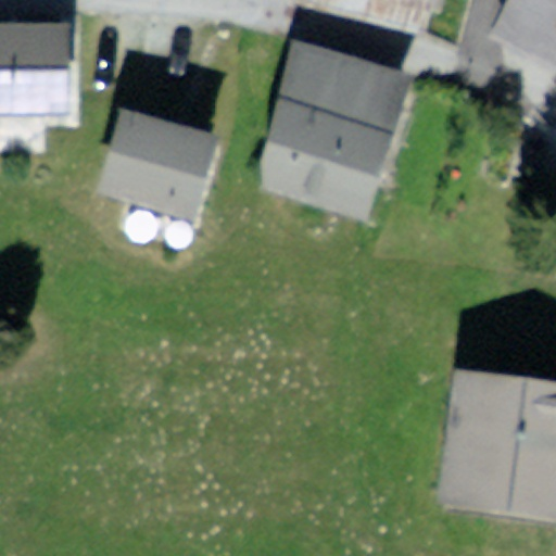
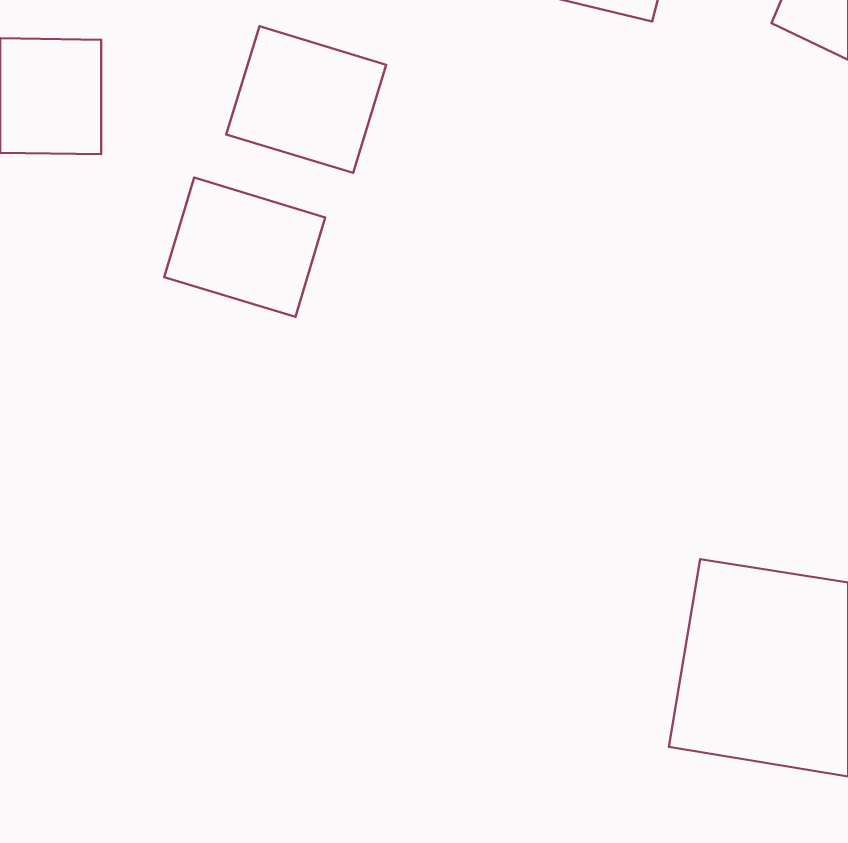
building: none -> [226,26,386,173]
building: [255,45,408,204] -> none

